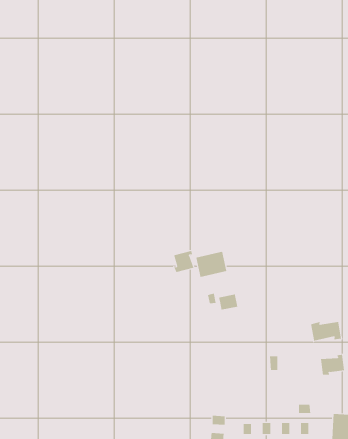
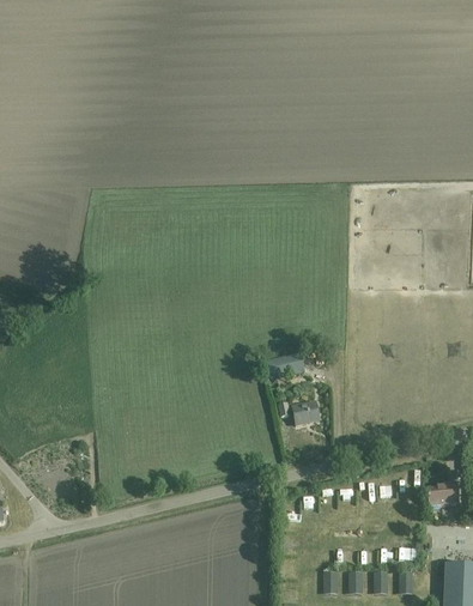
building: [174,250,194,273] -> none
building: [311,321,342,342] -> none

